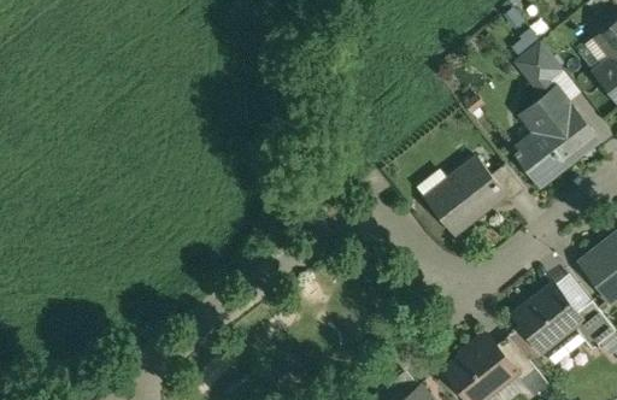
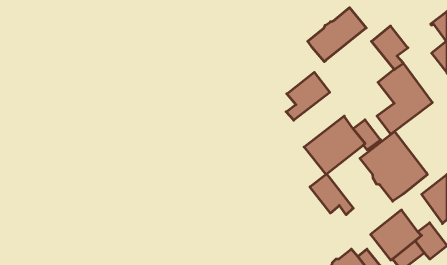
building: none -> [308,8,366,62]
building: none -> [286,72,330,120]
building: none -> [360,131,427,201]
building: none -> [310,174,353,215]

